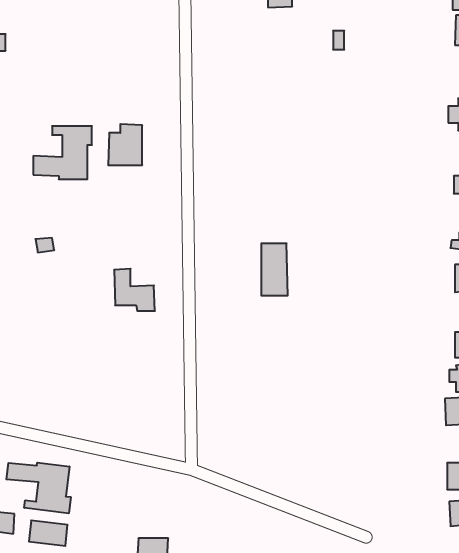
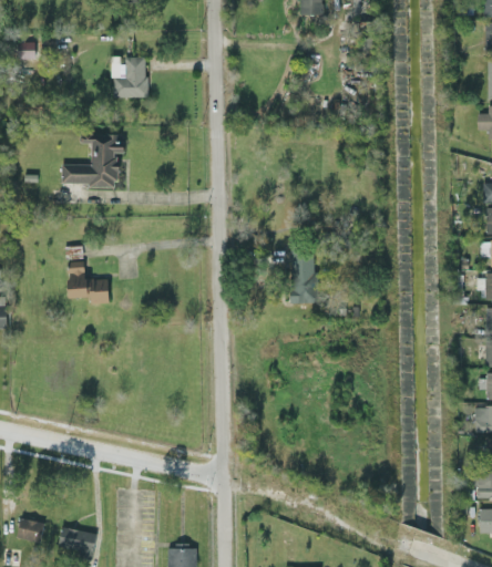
building: [108,124,142,165] -> [113,56,147,97]
building: [114,269,155,311] -> [69,261,110,303]
building: [6,463,71,513] -> none

